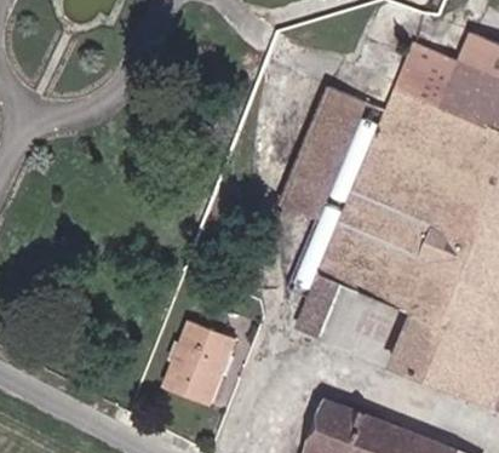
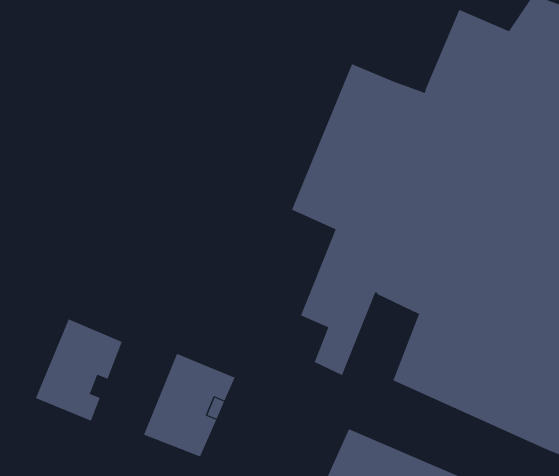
building: none -> [35,318,122,422]

